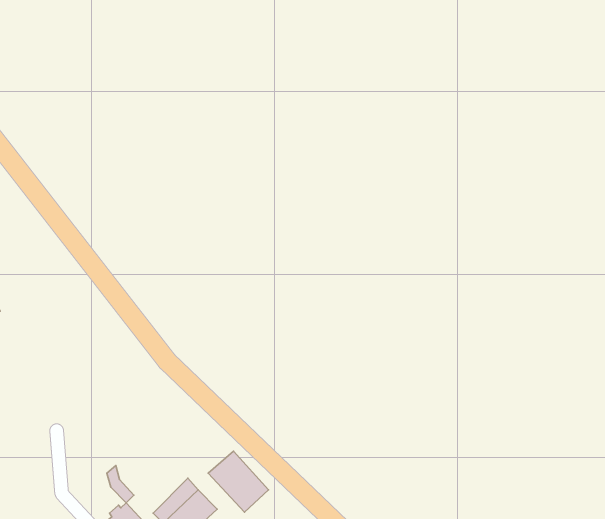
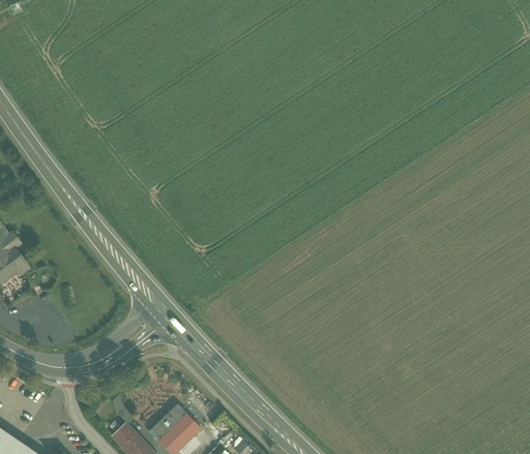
building: [208,451,268,512] -> none

